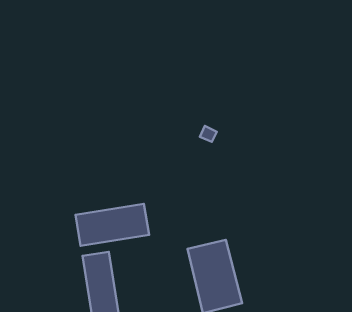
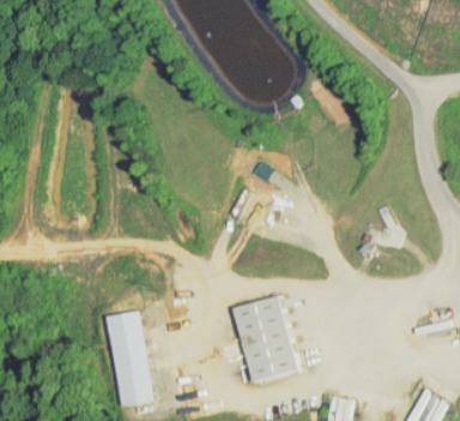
building: [75,204,149,246] -> none

